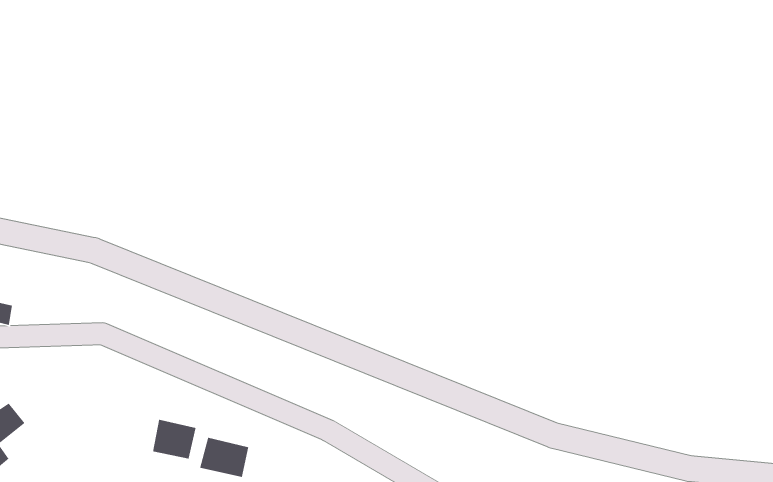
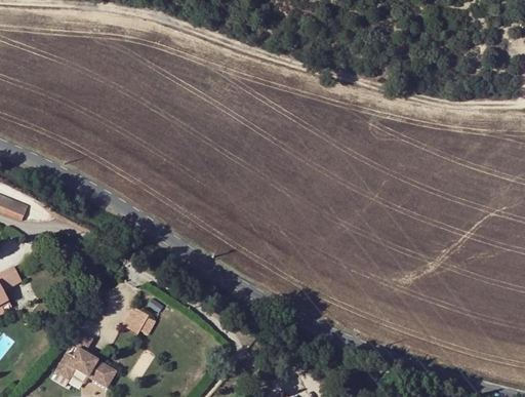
building: [152,419,197,459] -> none

